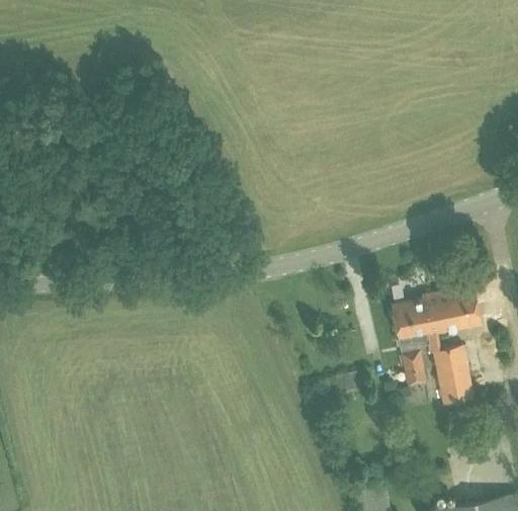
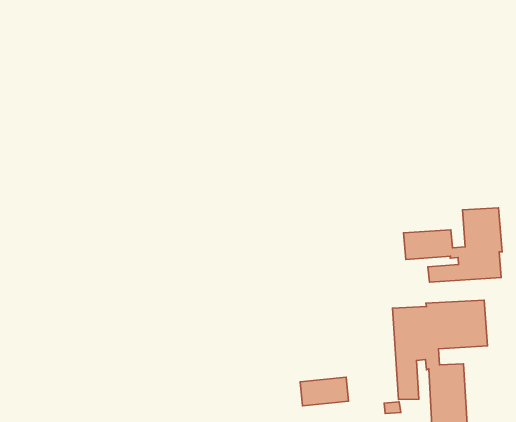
building: none -> [404,208,502,282]

